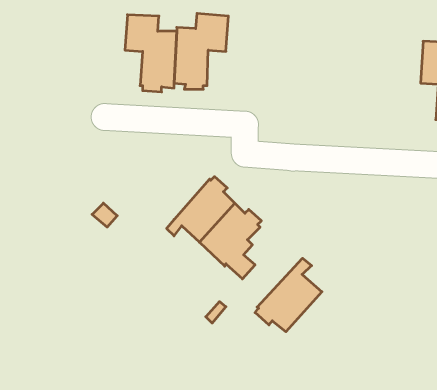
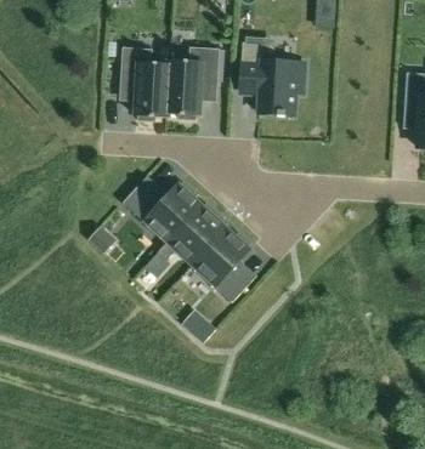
building: none -> [239,41,305,115]
building: none -> [121,180,202,243]
building: [255,258,322,332] -> none

